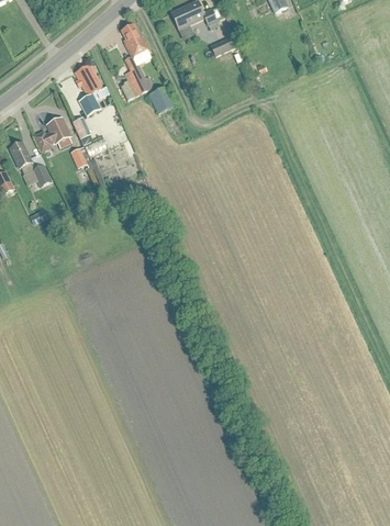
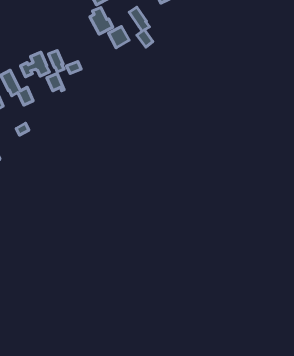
building: none -> [129,7,153,47]
building: [74,64,101,114] -> none

